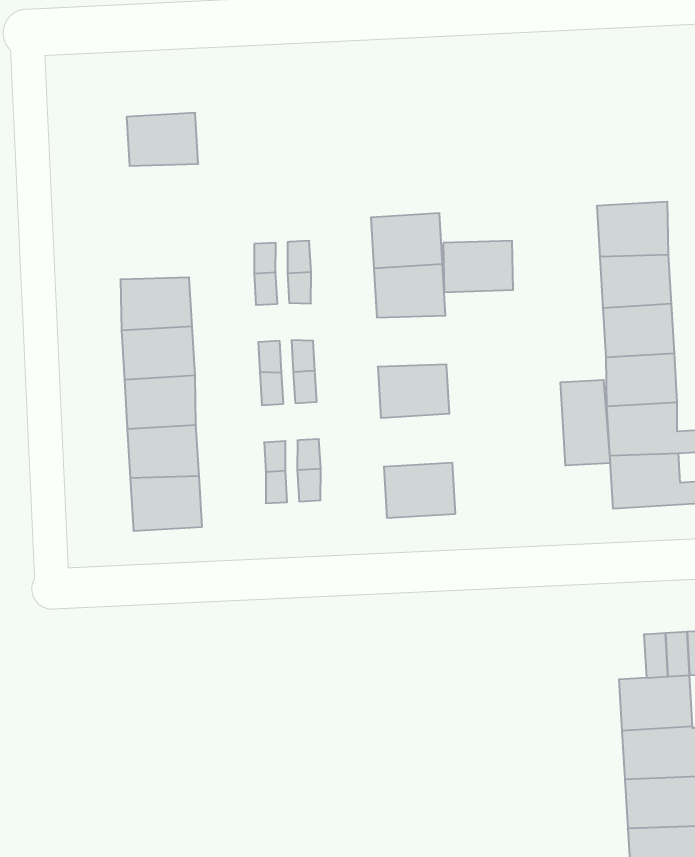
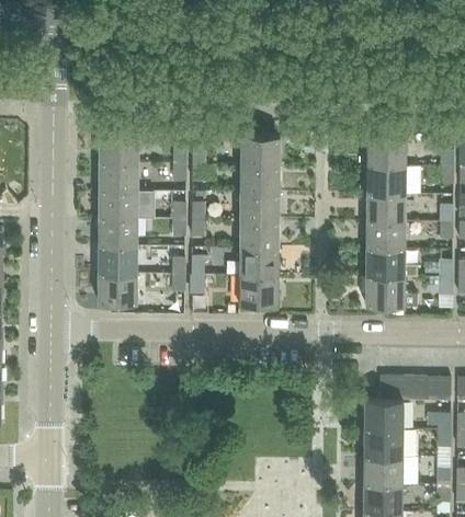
building: [127,113,198,166] -> [99,135,137,163]
building: [443,241,513,292] -> [239,192,279,220]
building: [560,380,610,466] -> none
building: none -> [239,248,277,275]

